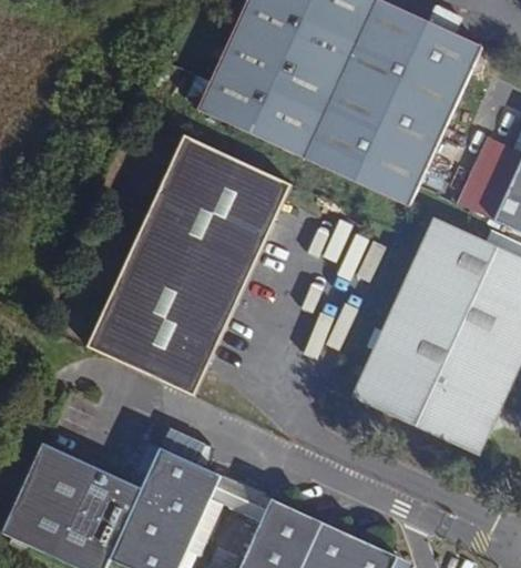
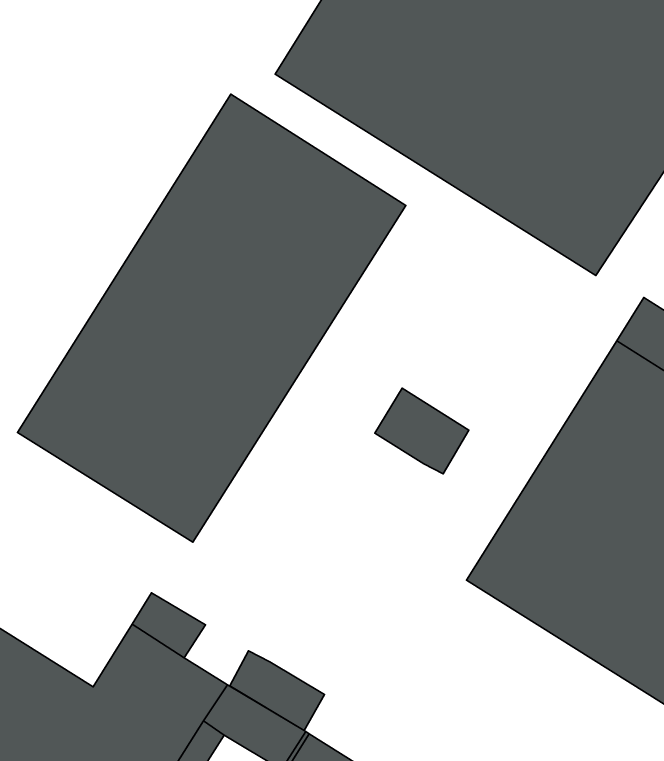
building: none -> [375,388,469,474]
building: none -> [230,651,325,731]

